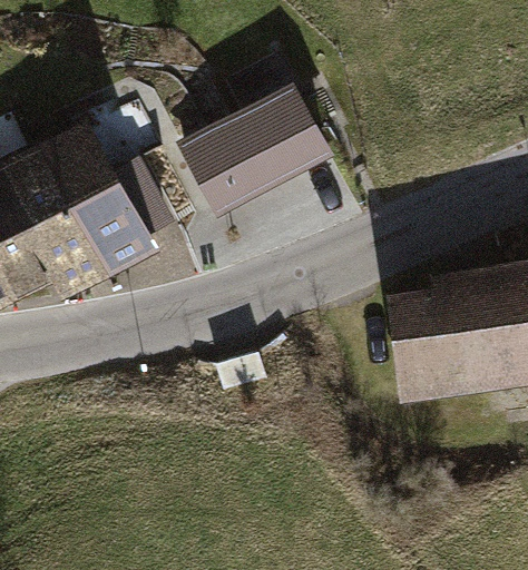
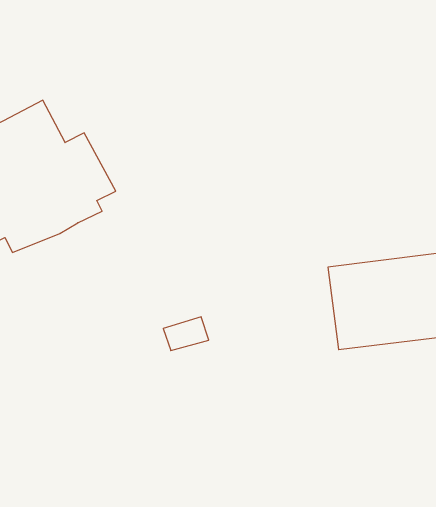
building: [187,95,327,213] -> none

